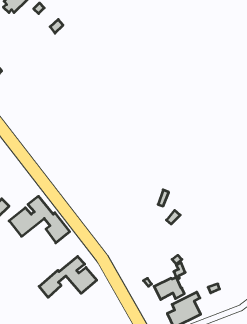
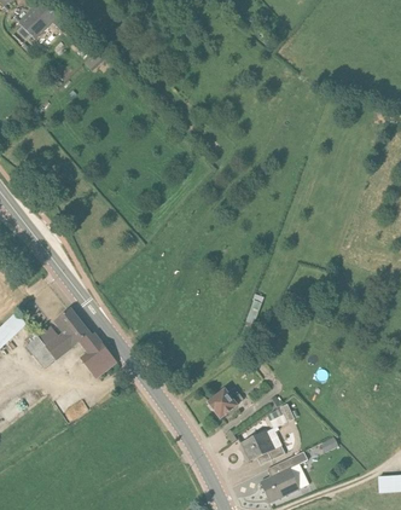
building: none -> [207,388,242,418]
building: [39,256,97,297] -> none

